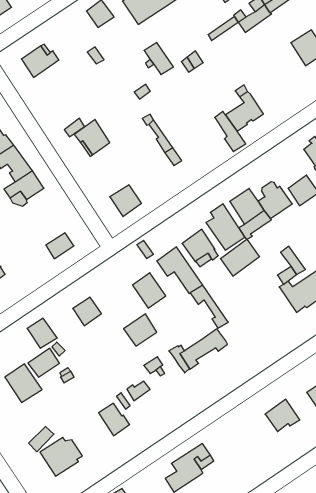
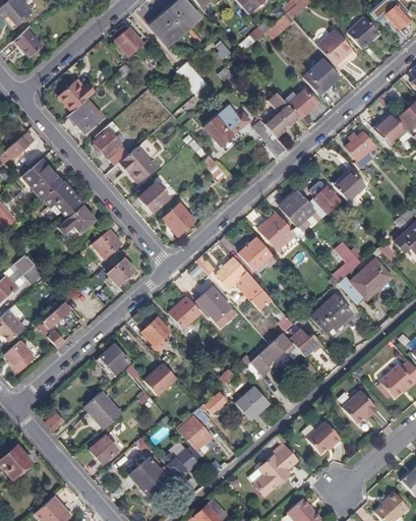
building: none -> [305,61,338,94]
building: none -> [69,99,104,133]
building: none -> [286,89,318,117]
building: none -> [95,120,122,155]
building: none -> [204,108,250,144]
building: none -> [138,182,169,213]
building: none -> [92,229,121,258]
building: [220,239,260,276] -> [311,294,349,332]
building: [124,314,157,346] -> [167,297,199,330]
building: none -> [292,328,321,356]
building: [28,348,59,377] -> [144,364,175,394]
building: none -> [237,386,270,418]
building: none -> [90,435,119,463]
building: none -> [305,421,340,454]
building: none -> [162,449,199,483]

